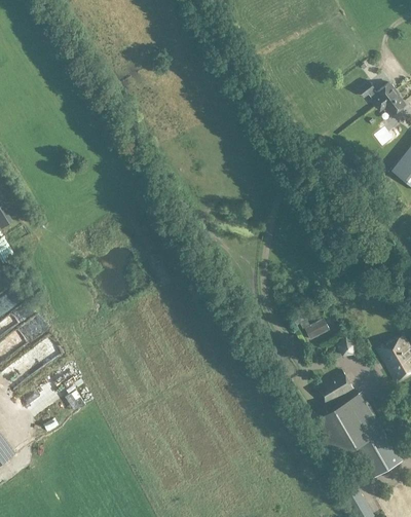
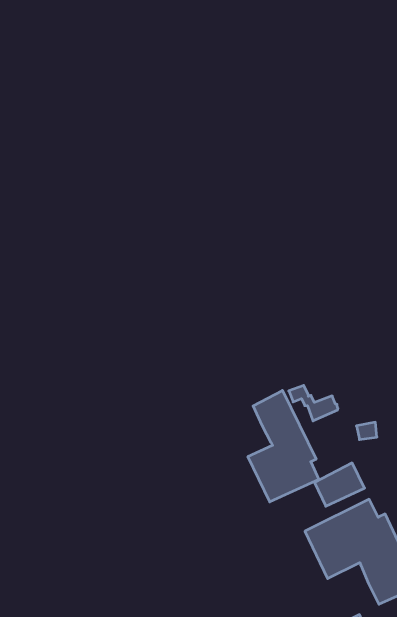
building: none -> [248,390,319,502]

